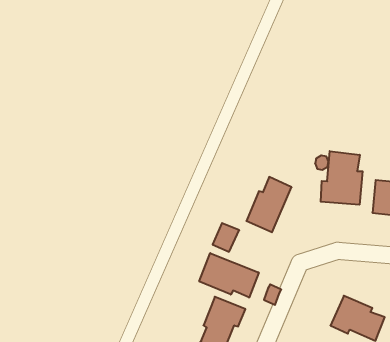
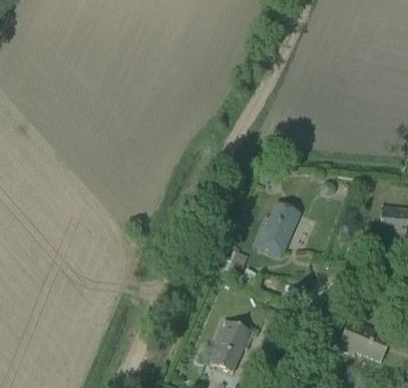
building: [321,151,363,205] -> none
building: [199,253,259,298] -> none

